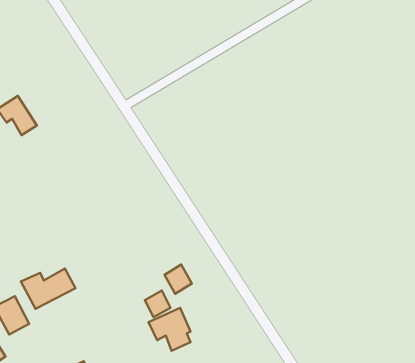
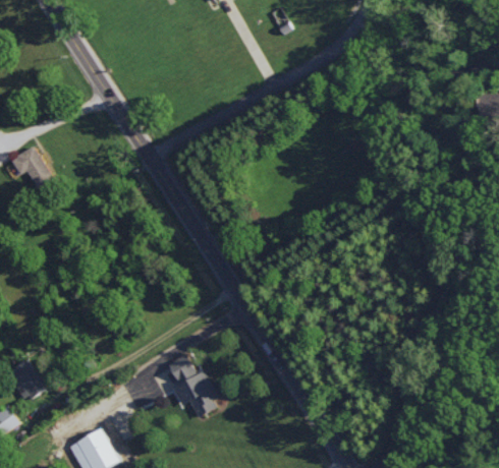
building: [165,265,192,294] -> none
building: [21,269,75,309] -> none

